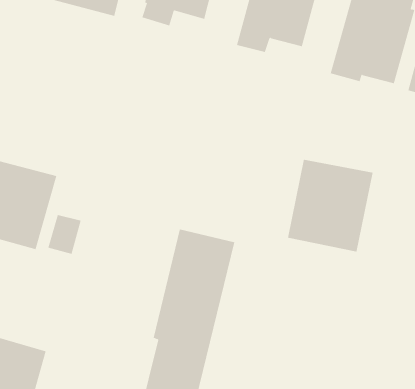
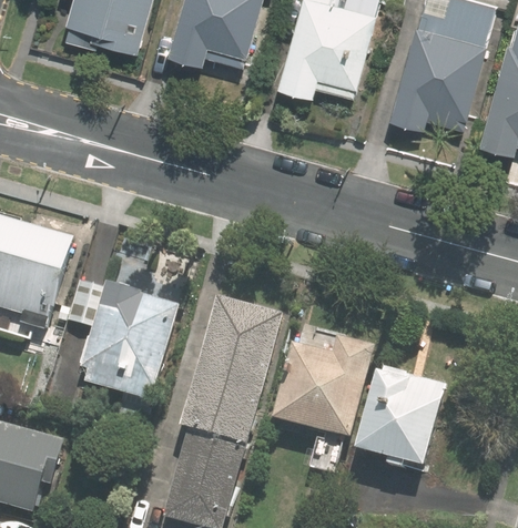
building: [287,159,373,252] -> [273,327,374,436]
building: none -> [79,282,179,403]
building: none -> [360,366,448,465]

